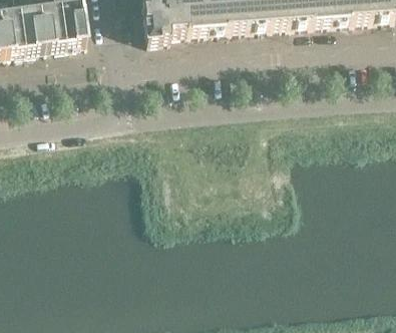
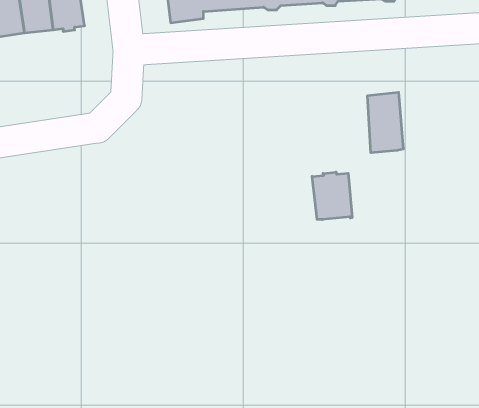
building: none -> [368,92,403,153]
building: none -> [312,172,352,220]

